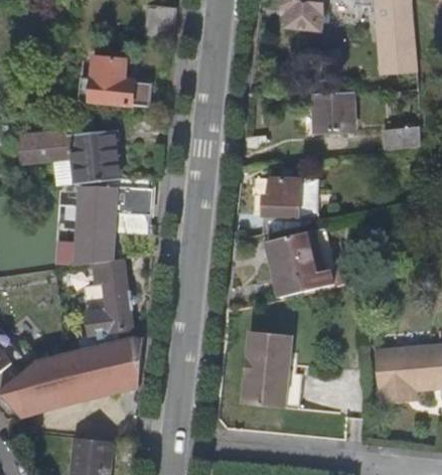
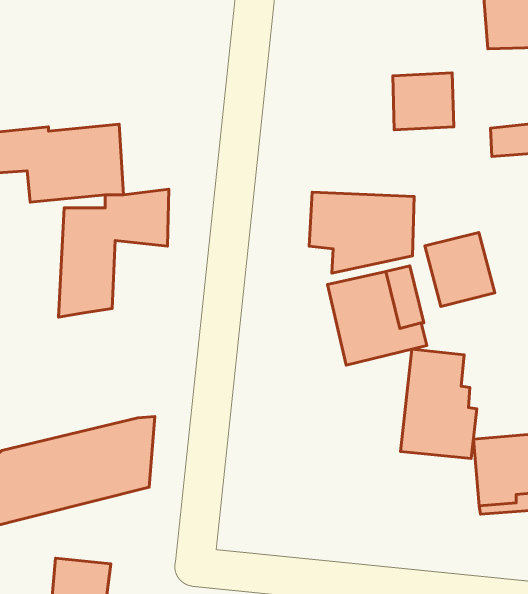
building: [77,55,151,105] -> none
building: none -> [425,232,495,307]
building: [85,258,134,334] -> none
building: [252,332,306,410] -> [400,349,477,459]

